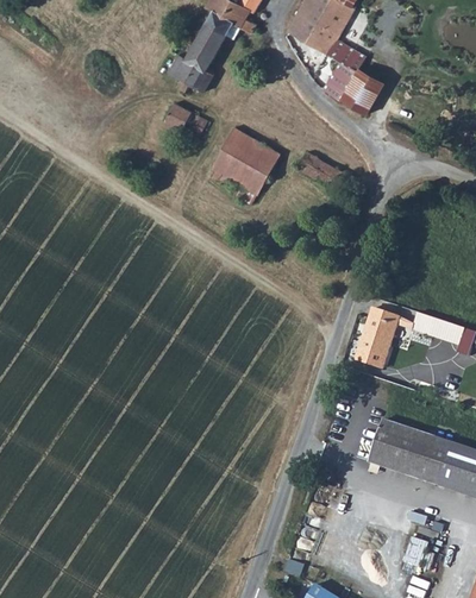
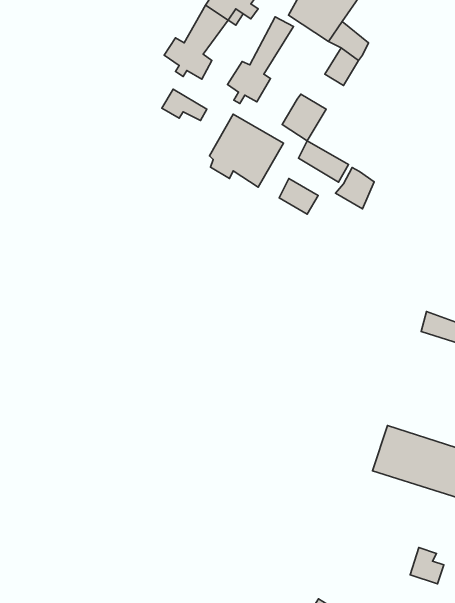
building: none -> [227,17,293,103]
building: [339,68,381,112] -> [282,94,326,141]
building: none -> [335,168,374,209]
building: none -> [279,178,318,214]
building: [352,310,397,370] -> none

